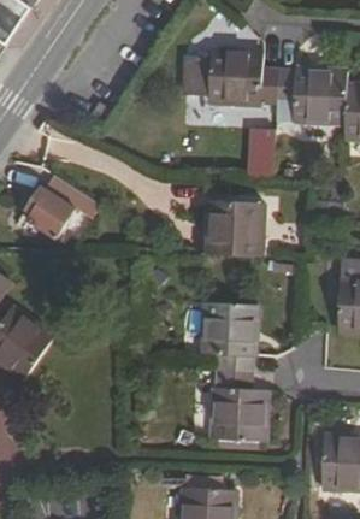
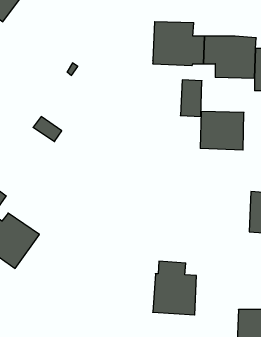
building: [184,47,211,99] -> none
building: [25,185,76,238] -> none
building: [206,205,265,256] -> [200,112,244,150]
building: [200,302,260,372] -> none

